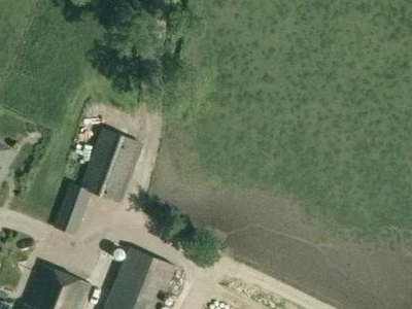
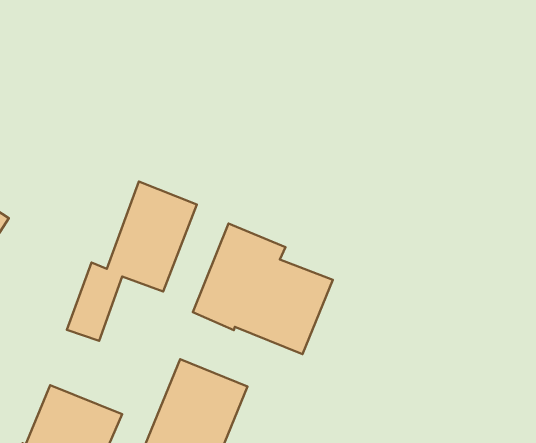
building: none -> [193,224,333,354]

